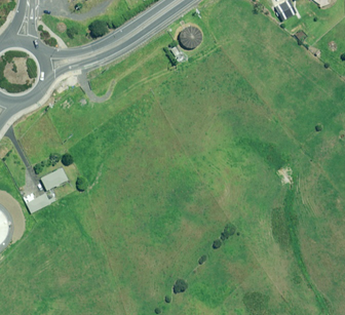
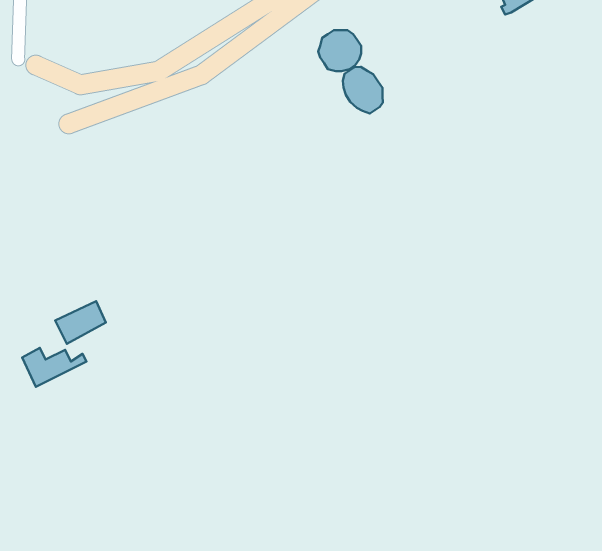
building: none -> [343,67,383,113]

